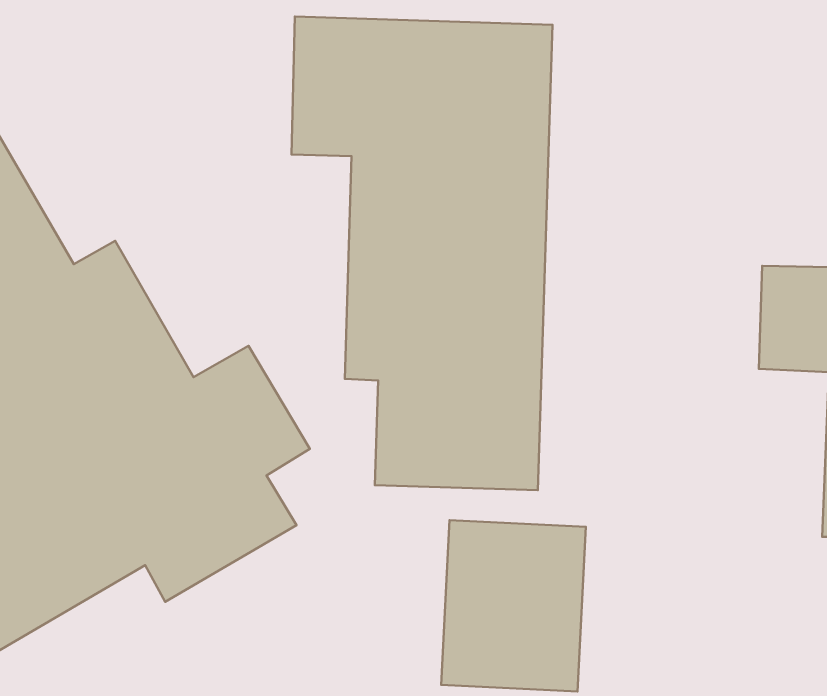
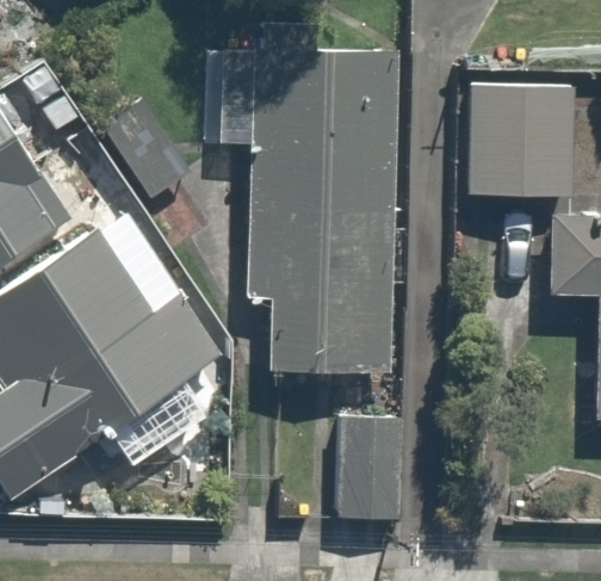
building: none -> [463,78,571,205]

